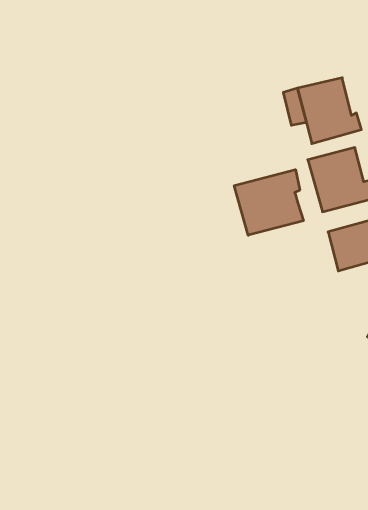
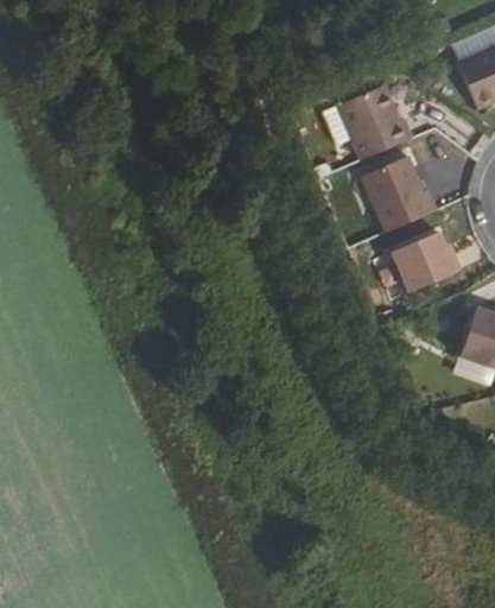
building: [234,170,303,235] -> none

